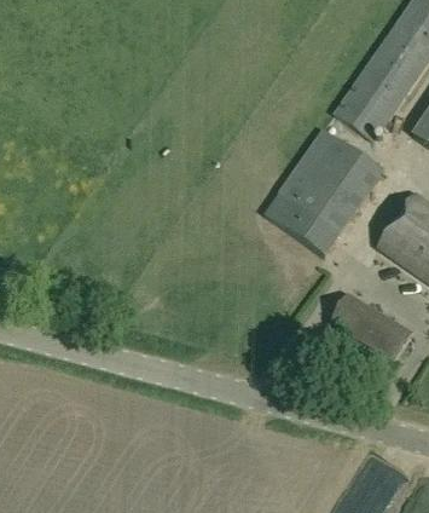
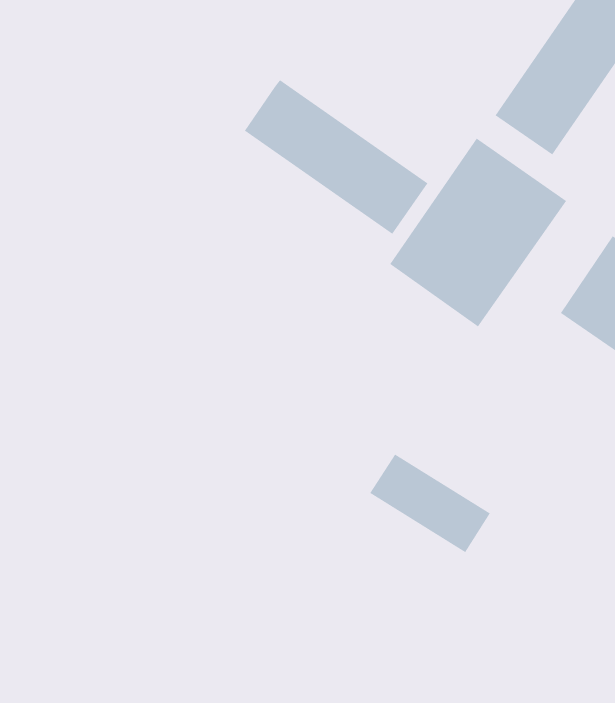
building: none -> [244,79,429,235]
building: [329,290,410,357] -> [369,453,491,553]

